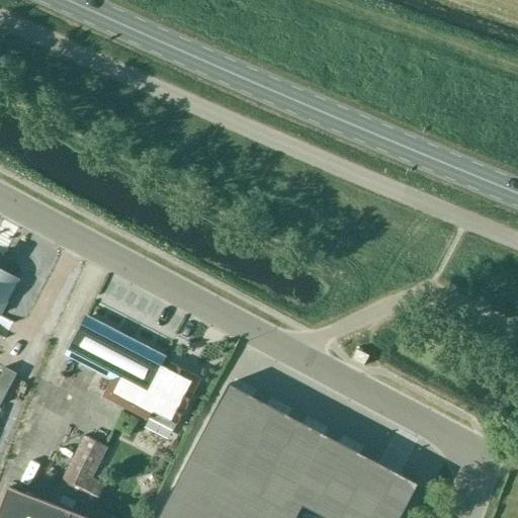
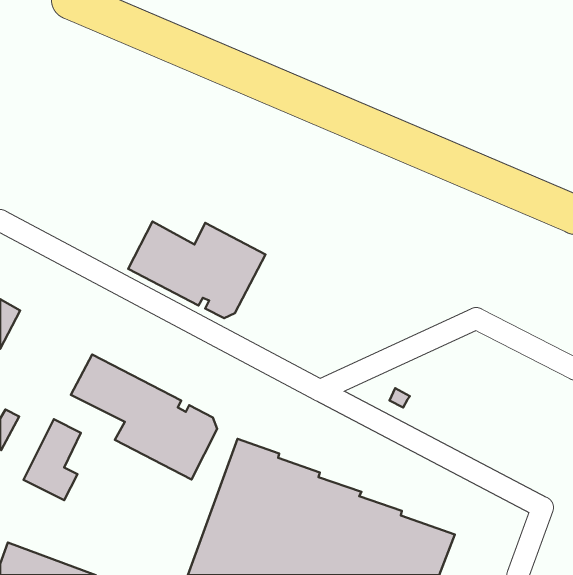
building: none -> [128,221,266,318]
building: [58,435,109,508] -> [24,419,81,500]

